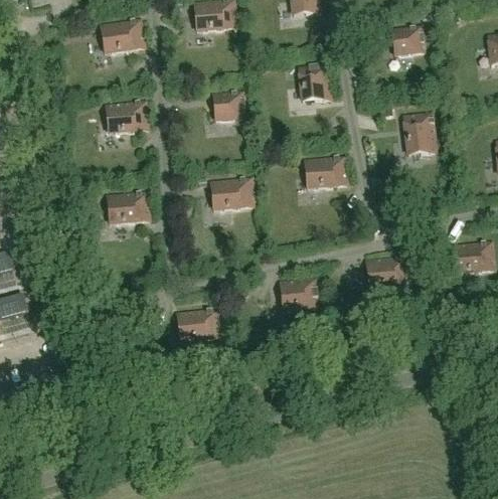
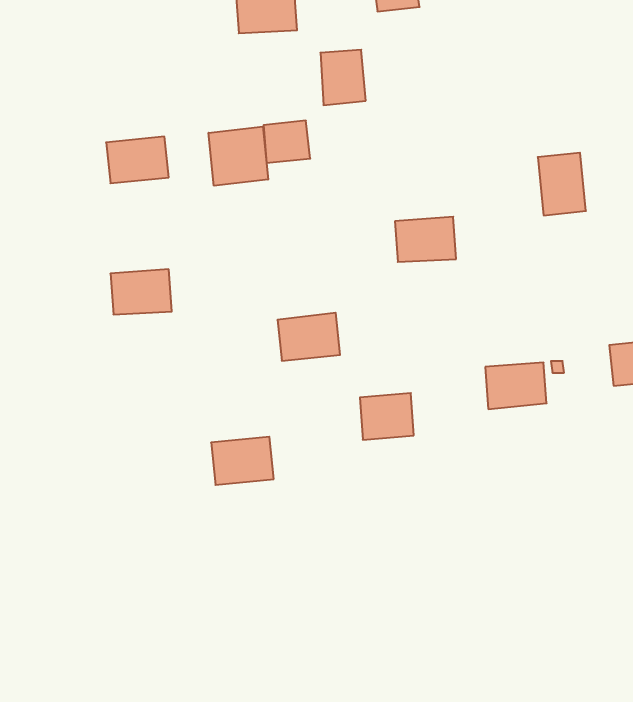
building: [100,19,144,53] -> none
building: [390,25,425,56] -> none
building: [299,63,330,102] -> [320,50,366,105]
building: none -> [209,127,268,186]
building: [210,176,254,209] -> [277,313,340,361]

